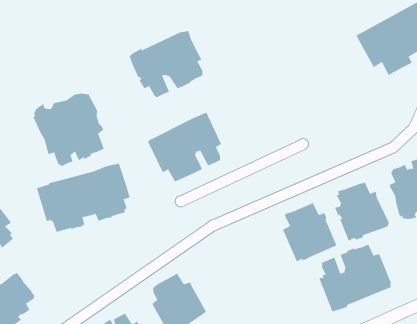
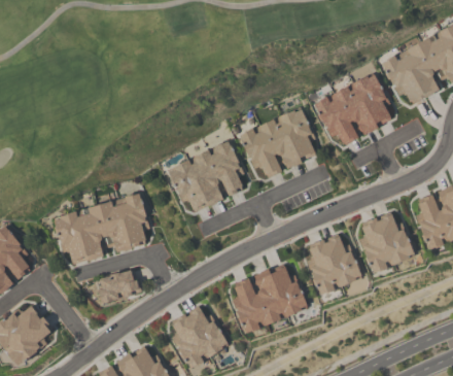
building: [129,30,203,98] -> [239,109,315,178]
building: none -> [315,76,391,145]
building: [32,93,104,167] -> none
building: none -> [80,270,142,309]
building: [319,244,392,312] -> [232,265,307,335]

